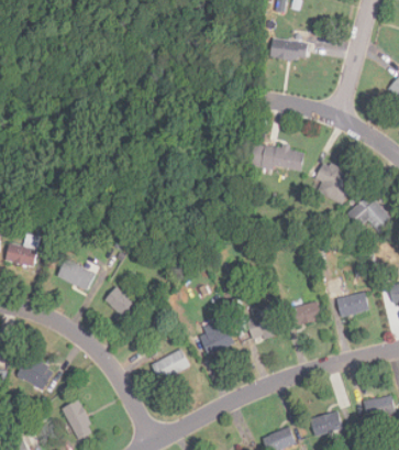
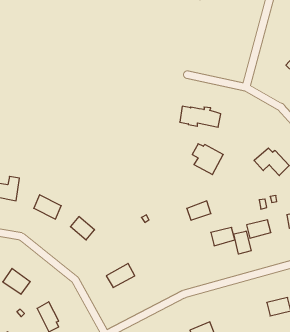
building: [270,39,308,59] -> none
building: [315,163,356,204] -> [192,144,223,175]
building: none -> [234,231,251,254]
building: [247,311,279,337] -> [187,201,211,220]
building: [201,318,234,353] -> none
building: [311,410,343,435] -> none

